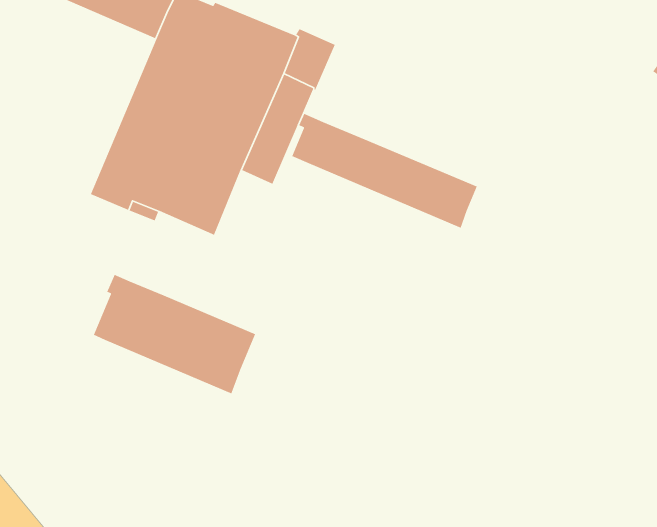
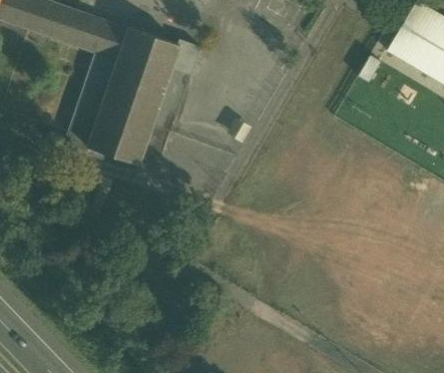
building: [291,113,478,229] -> none
building: [93,274,256,395] -> none

